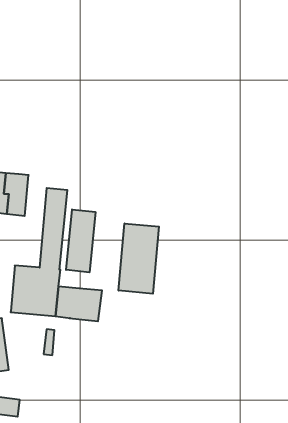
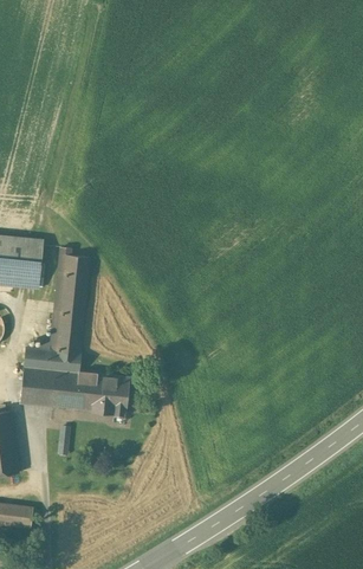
building: [66,209,95,272] -> none
building: [119,223,159,294] -> none

